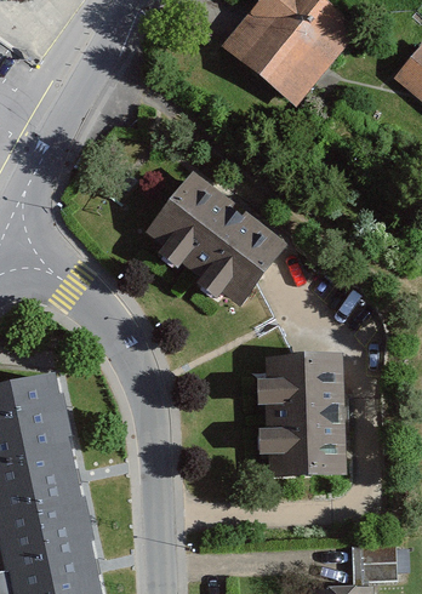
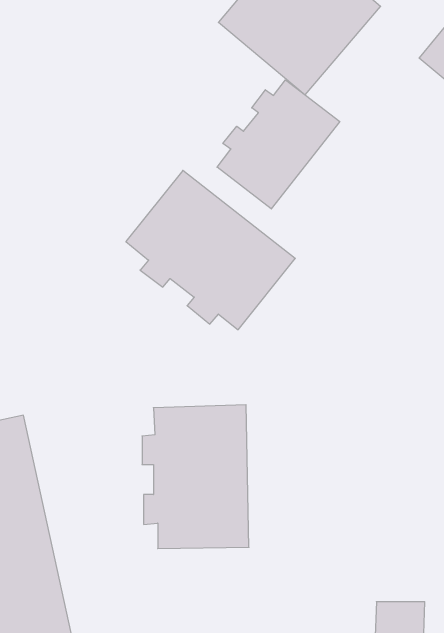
building: none -> [217,80,340,209]
building: [253,353,344,475] -> [142,405,249,549]

